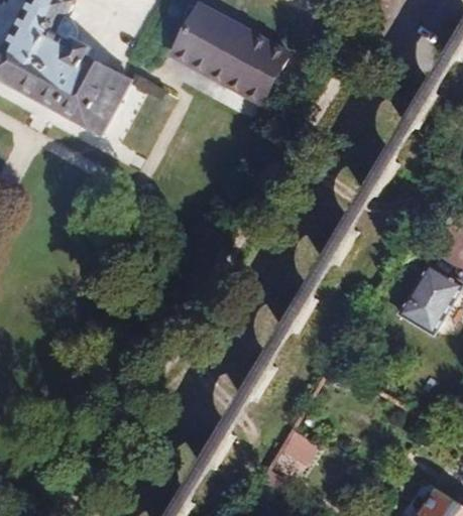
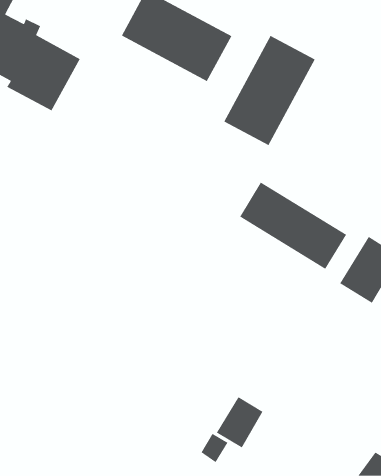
building: none -> [223,35,316,146]
building: none -> [239,182,347,270]

